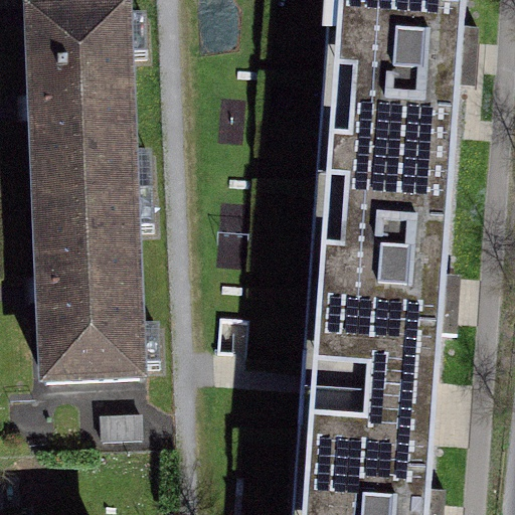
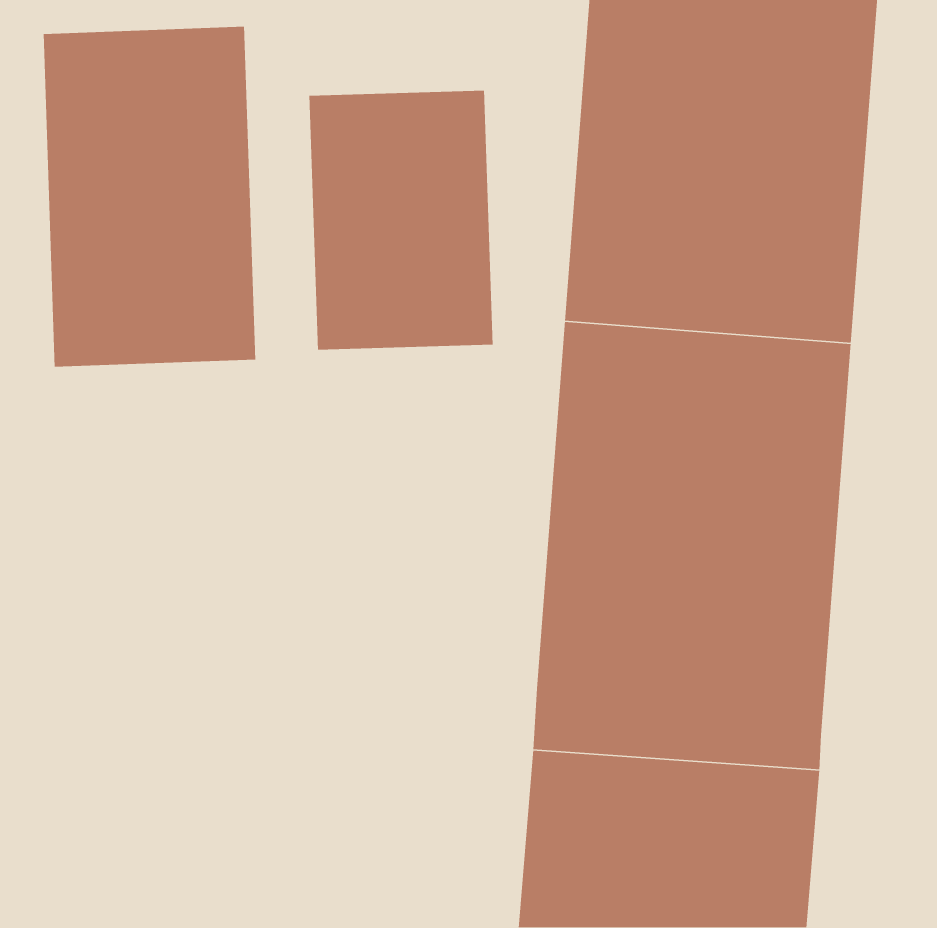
building: none -> [309,90,493,351]
building: [29,195,146,380] -> none

